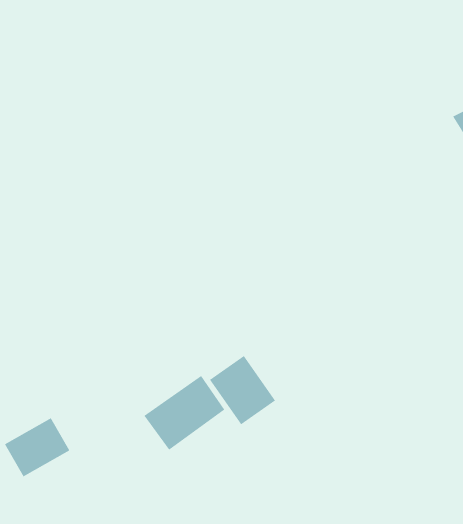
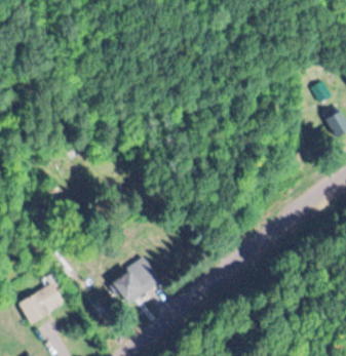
building: [209,355,276,425] -> none

